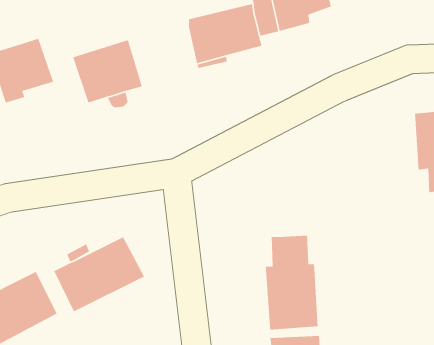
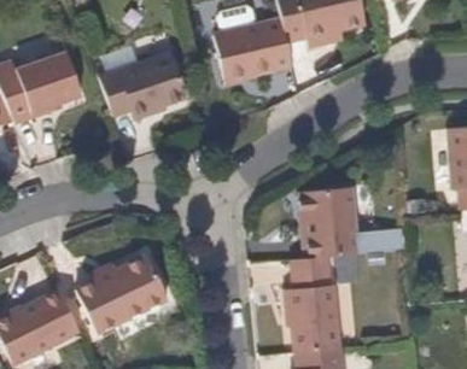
building: none -> [307,184,401,254]

